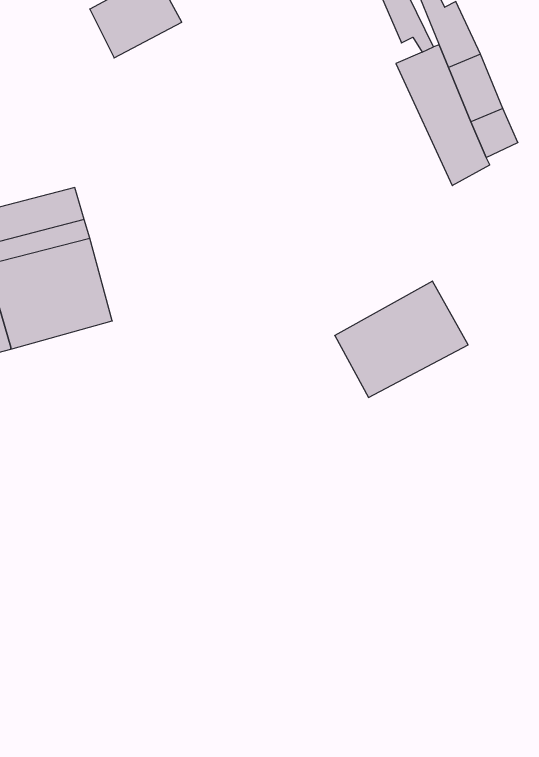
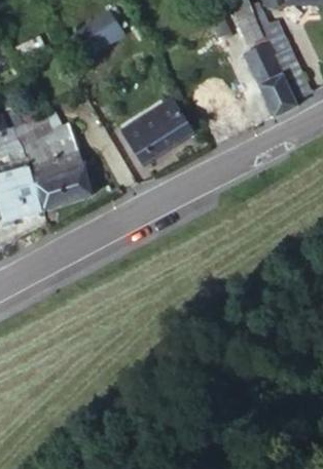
building: [335,281,468,397] -> [116,99,189,162]

